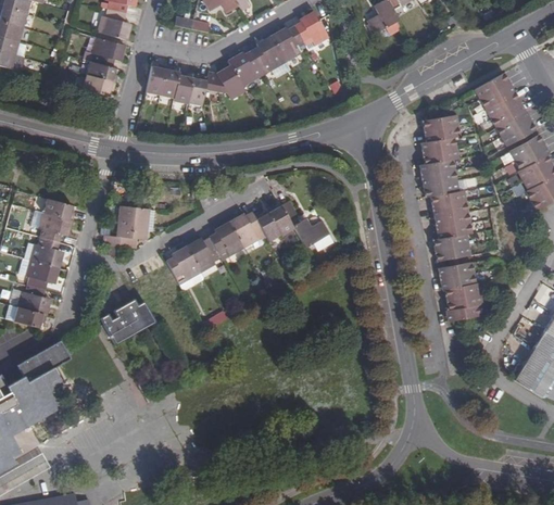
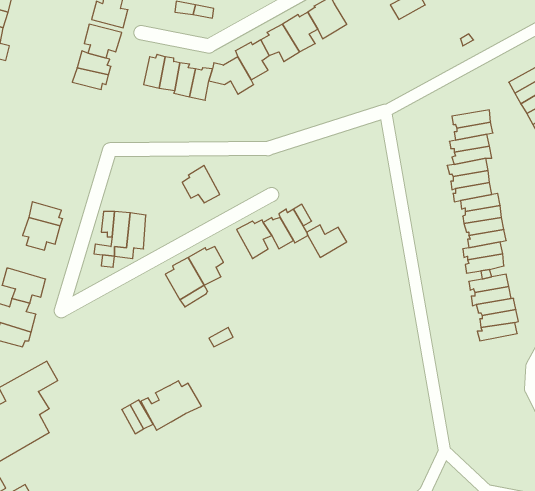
building: [210,222,243,255] -> [182,165,220,203]
building: [24,236,62,266] -> none
building: [99,299,153,343] -> [141,381,201,430]

